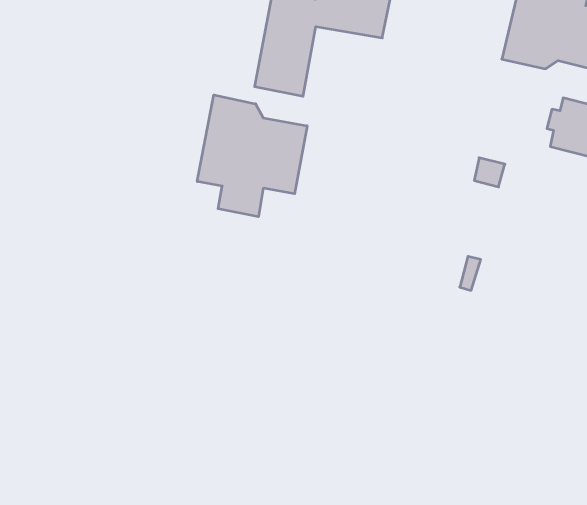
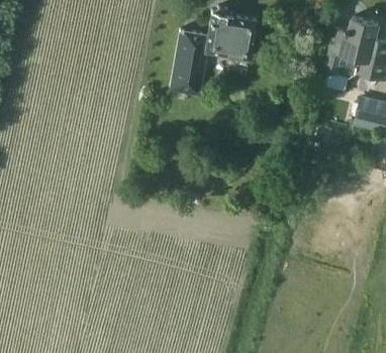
building: [197,95,307,217] -> none

